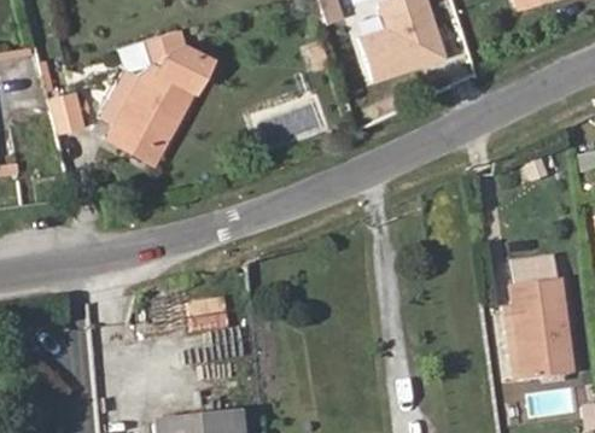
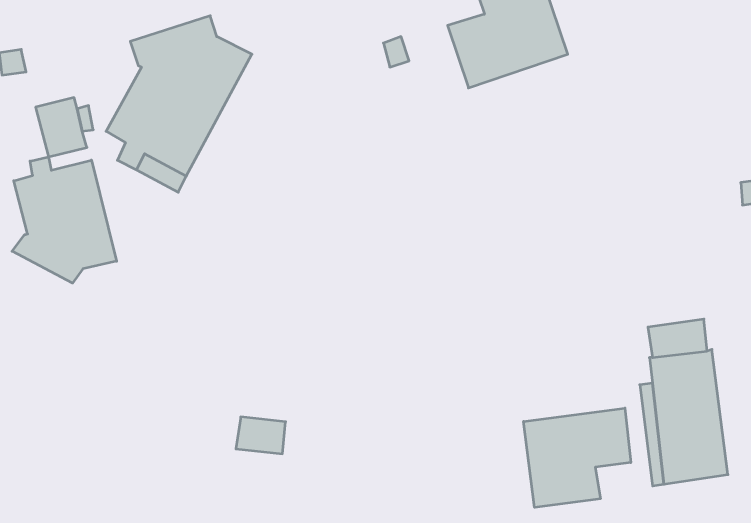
building: none -> [12,157,117,283]
building: none -> [524,408,631,507]

